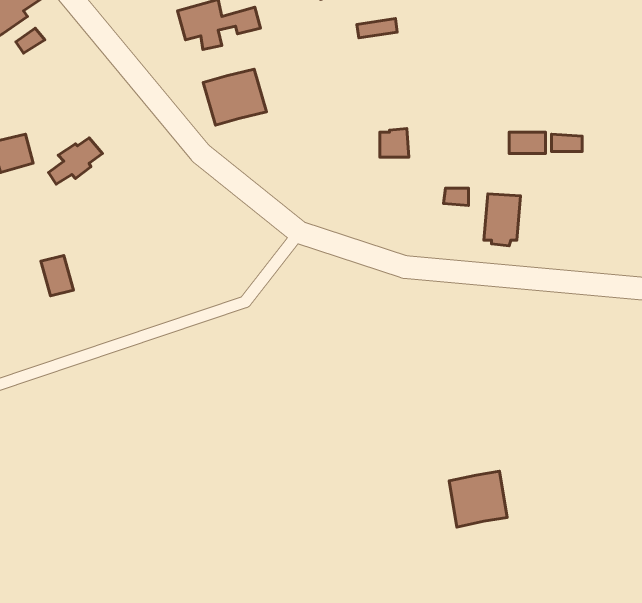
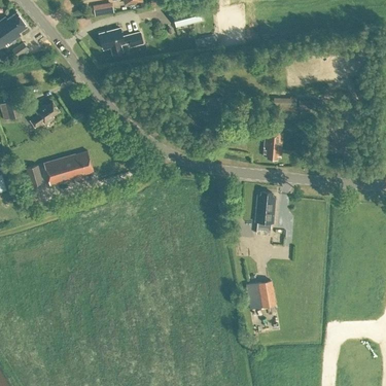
building: [203,69,266,125] -> none
building: none -> [43,151,93,185]
building: none -> [255,191,275,223]

